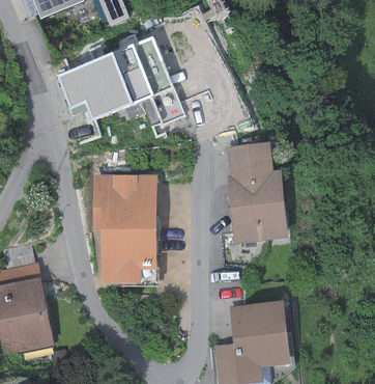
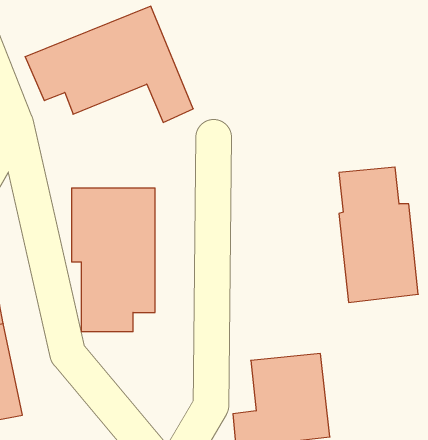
building: [226,142,286,245] -> [339,167,418,302]

